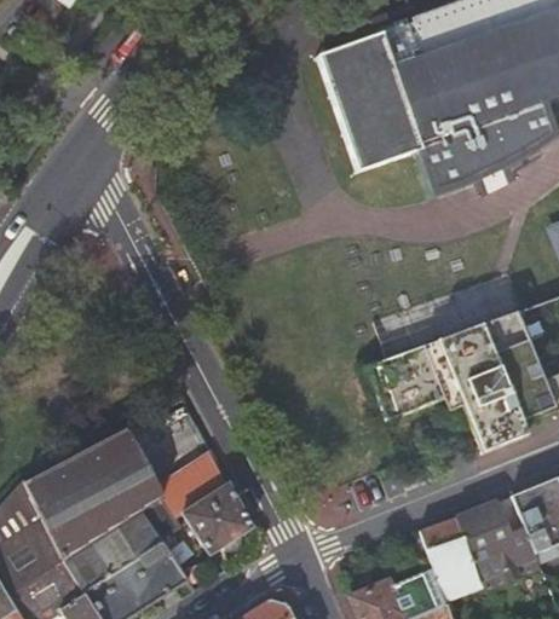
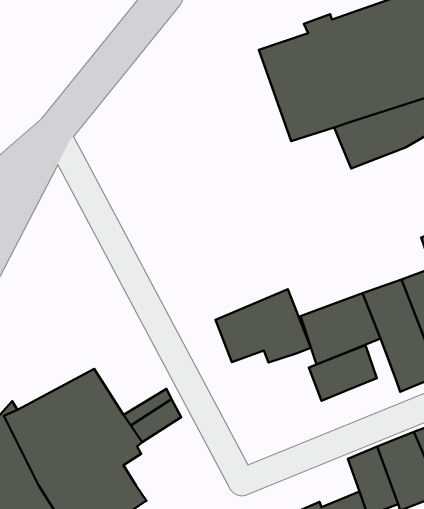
building: none -> [216,289,311,363]
building: none -> [309,345,377,401]
building: [184,484,252,554] -> none

